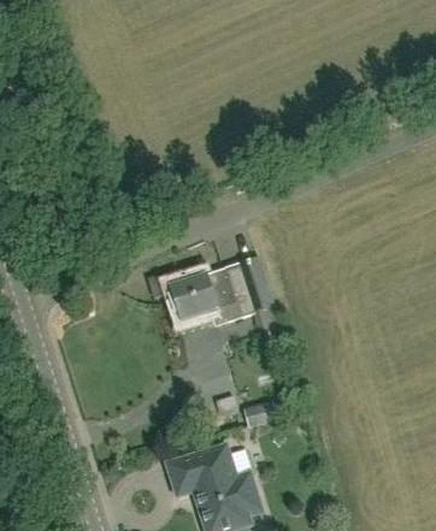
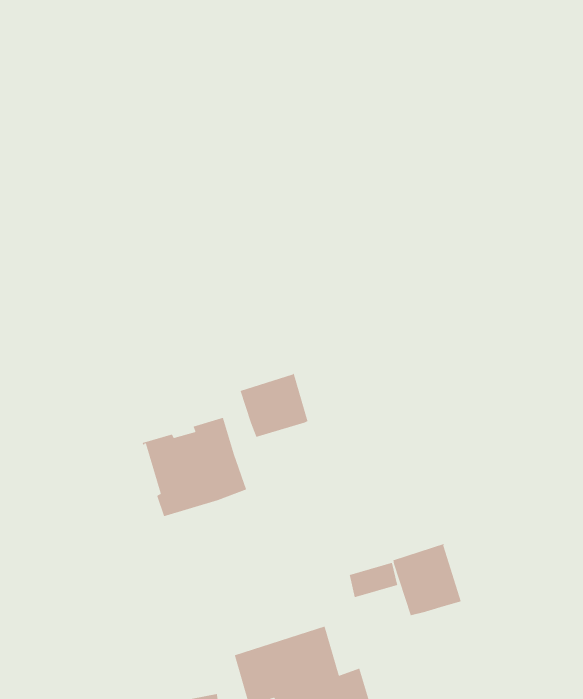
building: [202,258,272,324] -> [141,417,247,517]
building: none -> [393,543,462,616]

